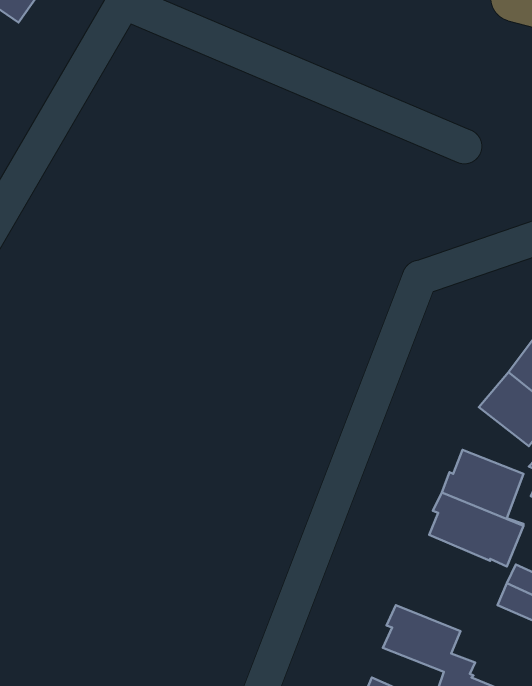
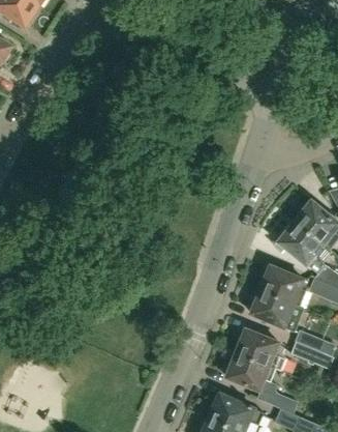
building: none -> [234,328,286,371]

